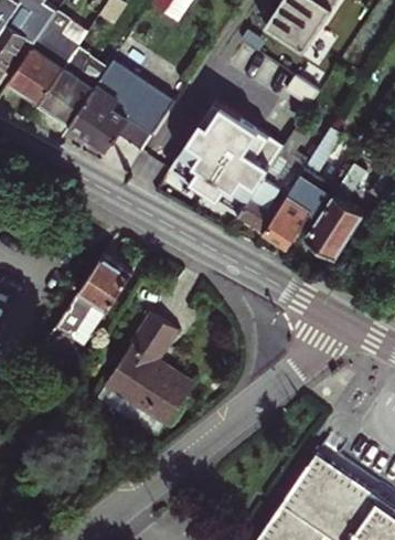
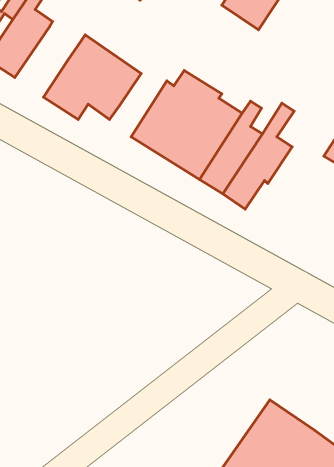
building: [39,46,110,128] -> none
building: [307,172,365,261] -> none
building: [55,261,127,348] -> none
building: [95,318,192,437] -> none

